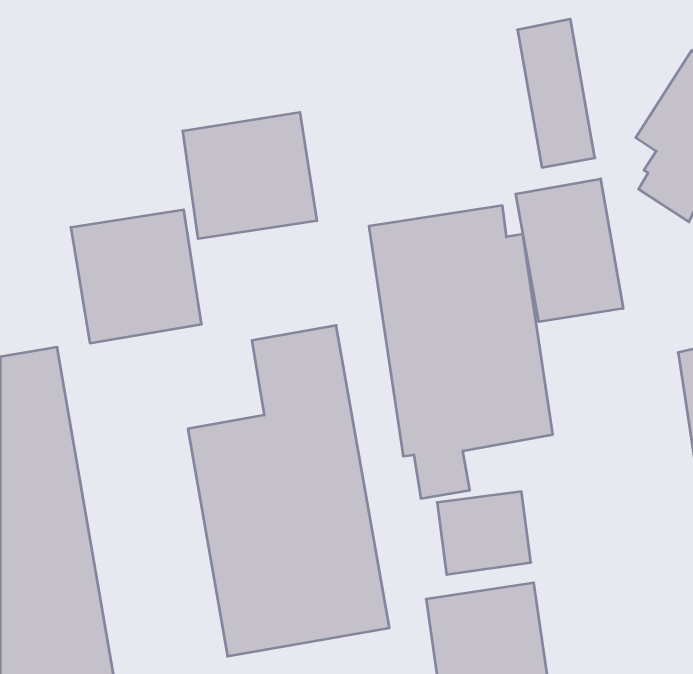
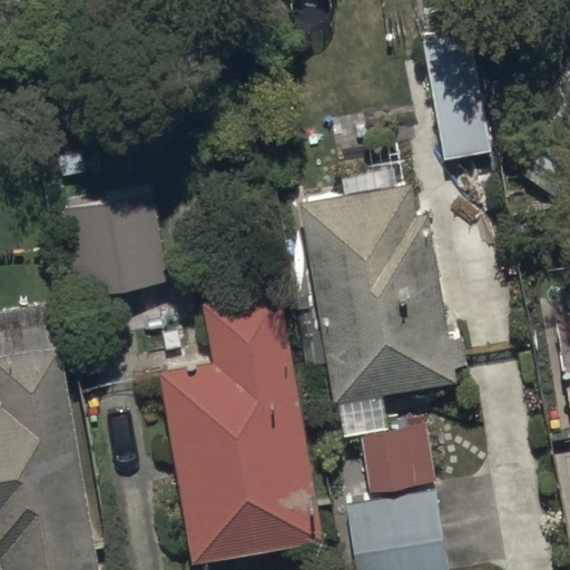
building: [183,112,317,239] -> none
building: [516,179,623,322] -> none

